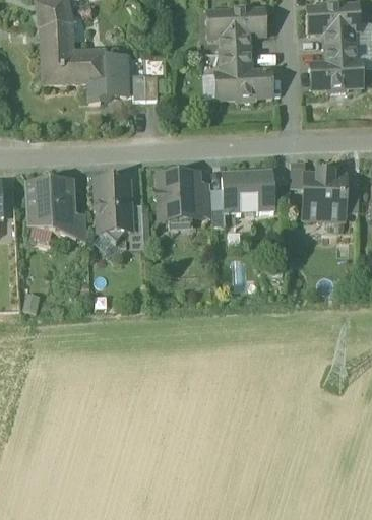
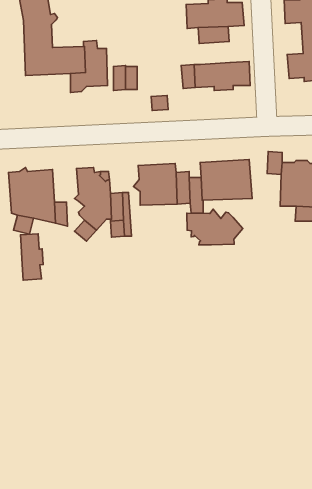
building: [220,50,251,73] -> none
building: none -> [187,209,243,245]
building: none -> [20,234,43,280]

